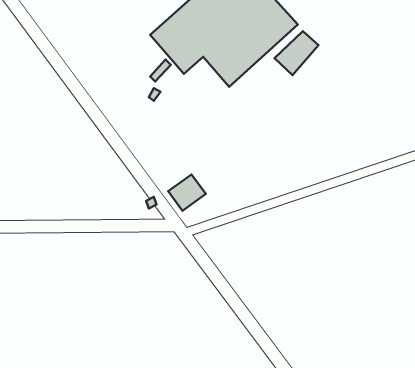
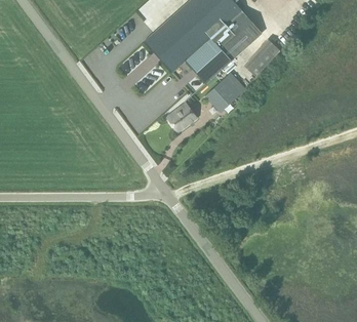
building: none -> [204,71,244,109]
building: [168,174,206,211] -> [166,102,196,130]

